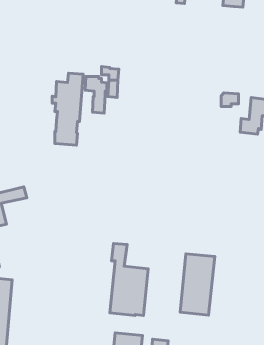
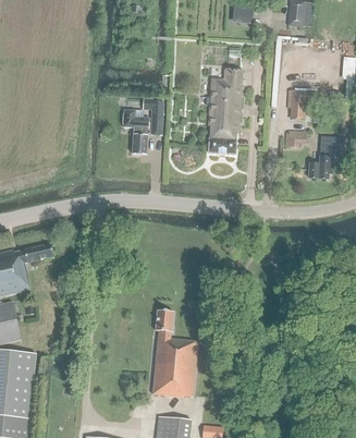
building: none -> [286,89,317,120]
building: [52,73,83,145] -> [204,69,241,155]
building: [180,254,215,315] -> none

